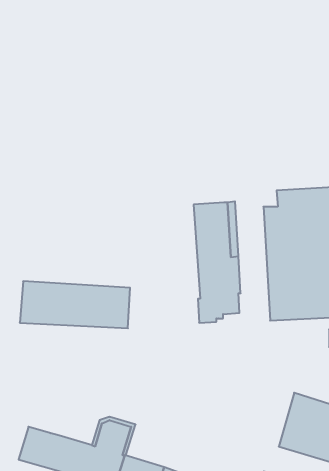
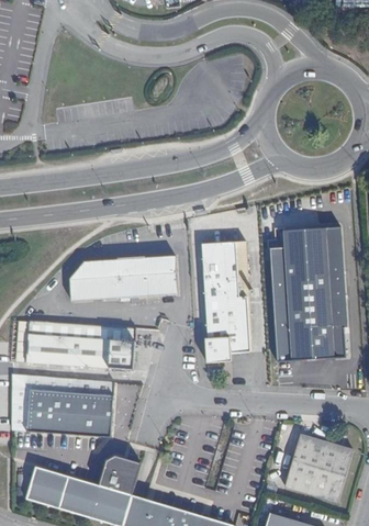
building: none -> [69,259,177,303]
building: none -> [12,373,115,436]

